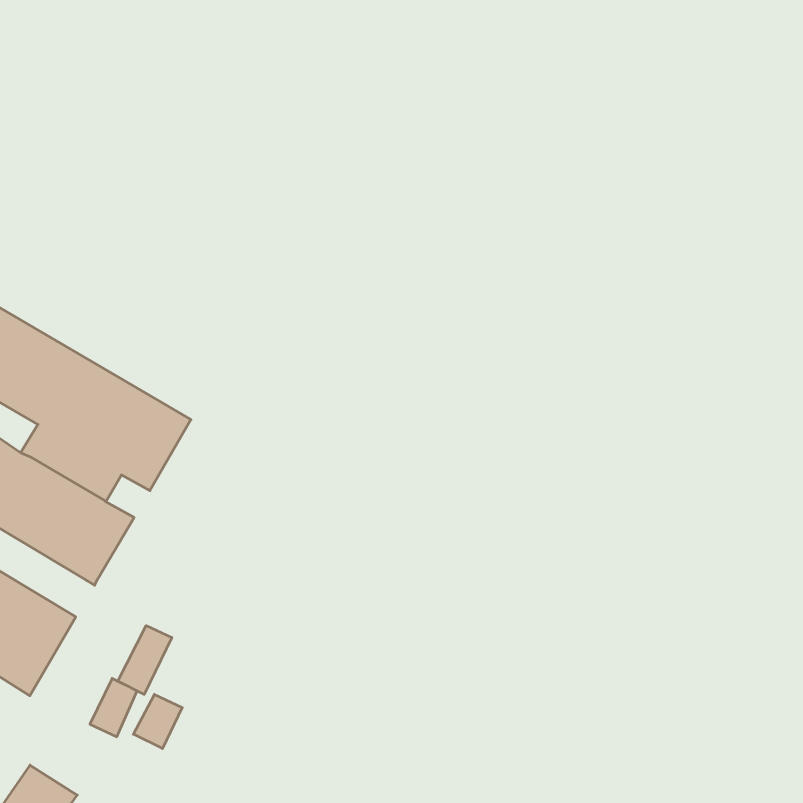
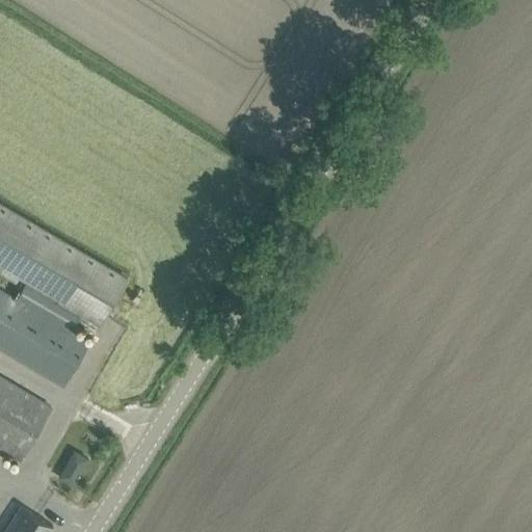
building: [118,626,172,694] -> none
building: [133,694,182,749] -> none

